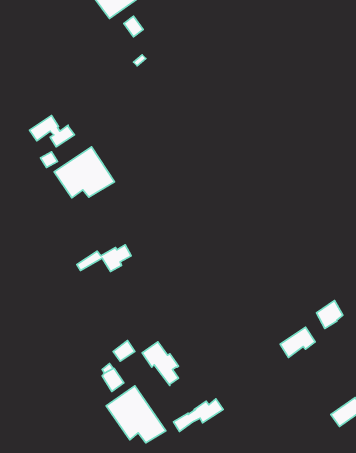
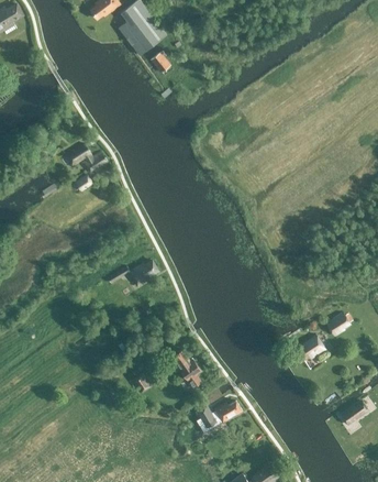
building: [54,147,114,198] -> none
building: [106,386,166,443] -> none

